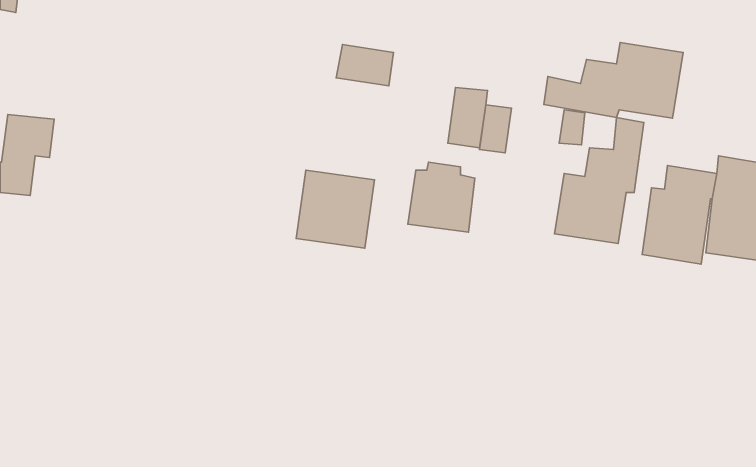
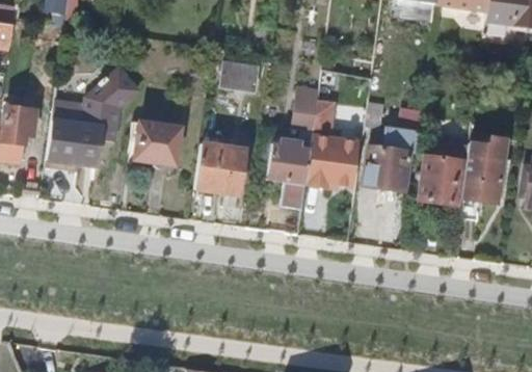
building: [544,43,683,118] -> none
building: none -> [47,72,139,167]
building: none -> [135,123,180,165]
building: none -> [310,152,356,188]

